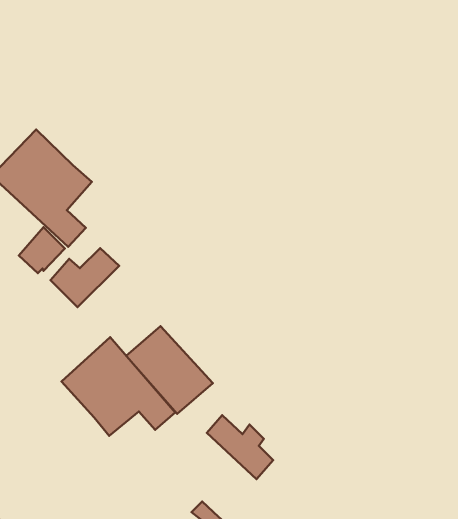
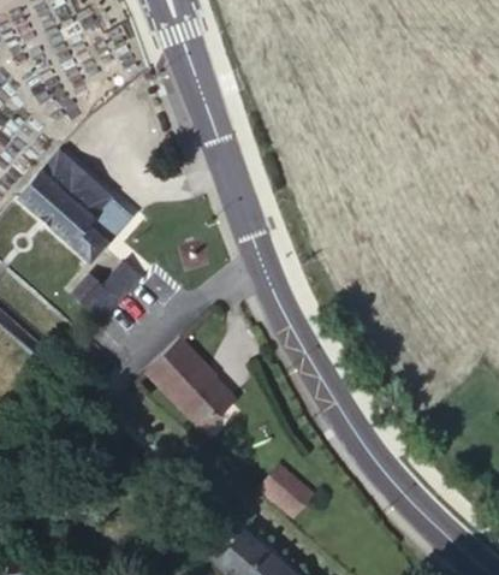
building: [19,227,65,273] -> [88,196,135,243]
building: [61,337,175,436] -> none

